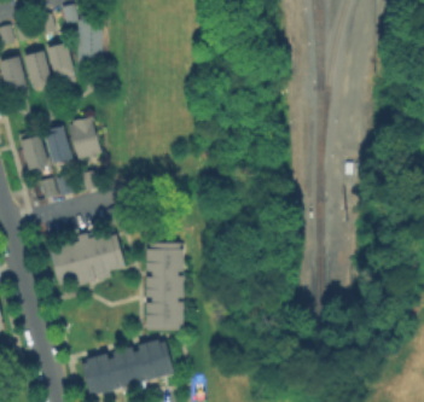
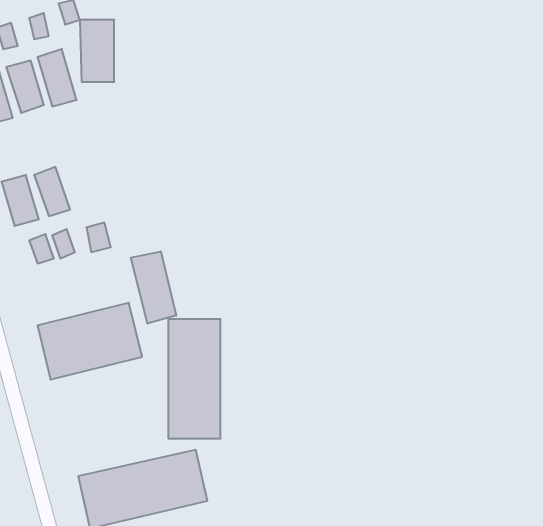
building: [68,120,100,159] -> none
building: none -> [131,251,176,324]

